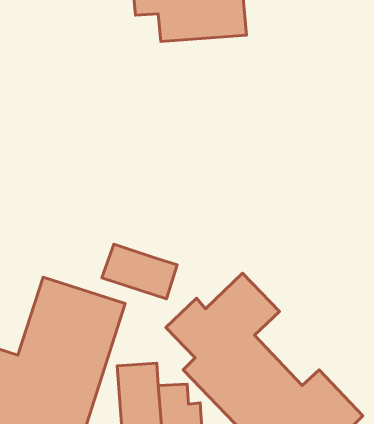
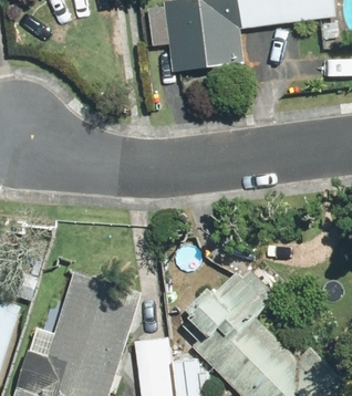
building: [102,244,177,299] -> none

